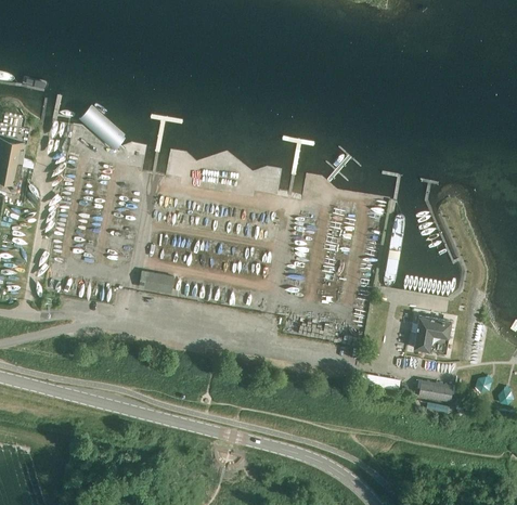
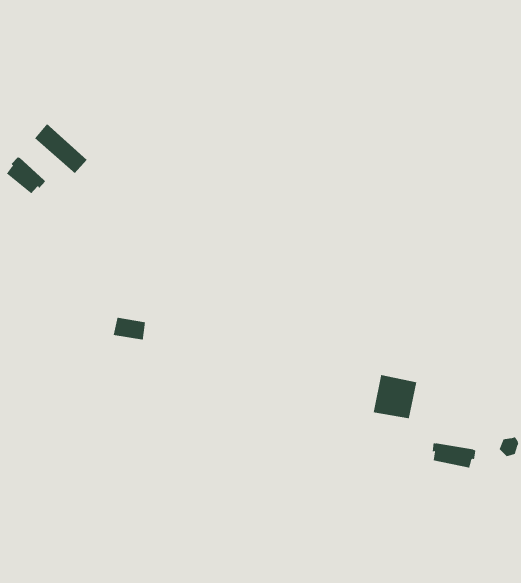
building: none -> [6,157,46,194]
building: [413,314,451,352] -> [373,375,417,419]

